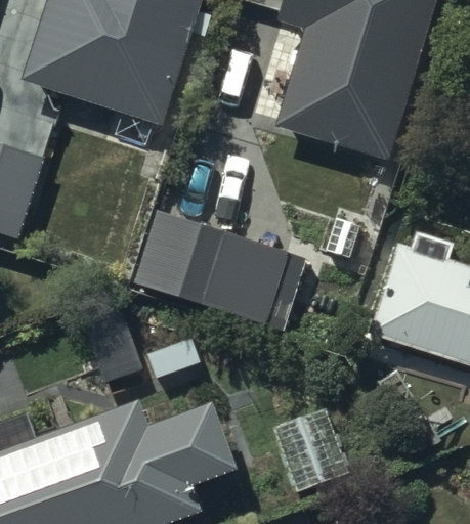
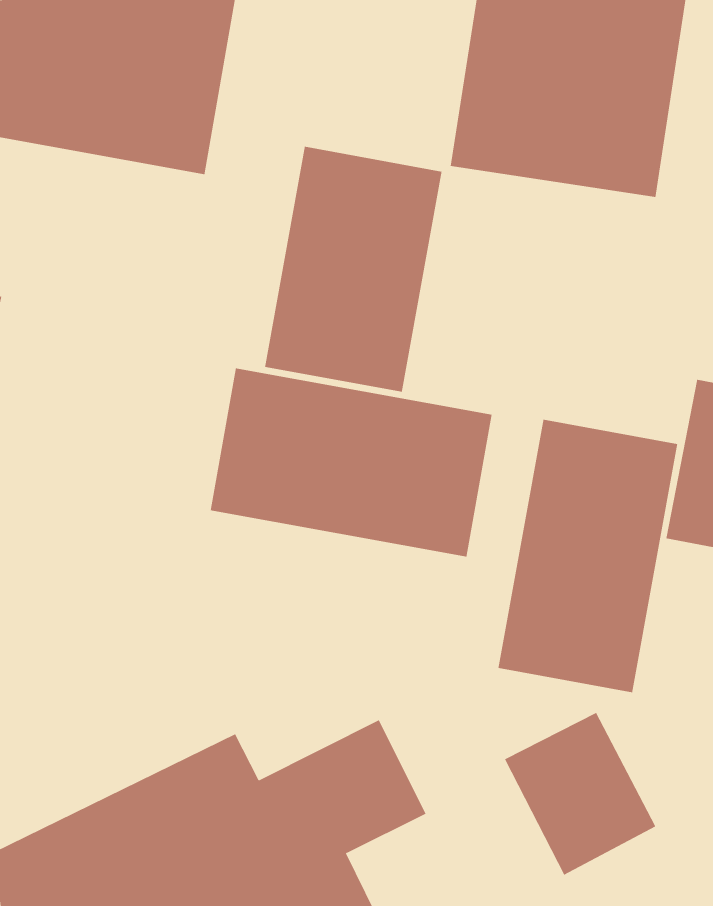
building: none -> [265,146,442,393]
building: none -> [498,419,678,693]

